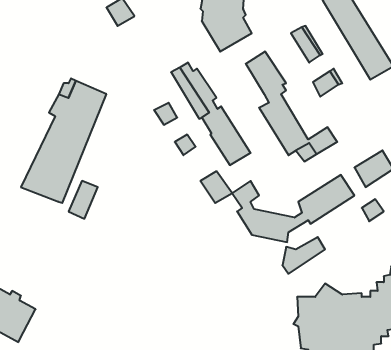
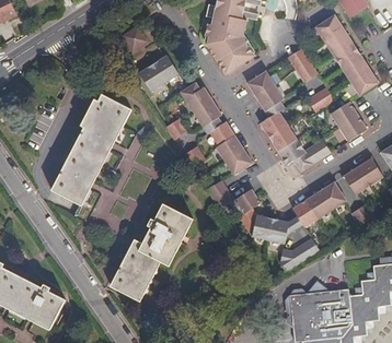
building: none -> [139,54,180,88]
building: none -> [332,103,367,141]
building: none -> [114,205,193,304]

